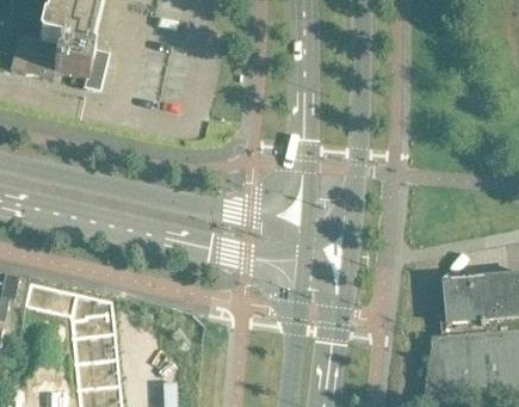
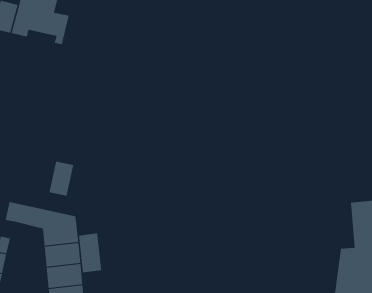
building: none -> [49,161,74,196]
building: none -> [78,233,102,273]

